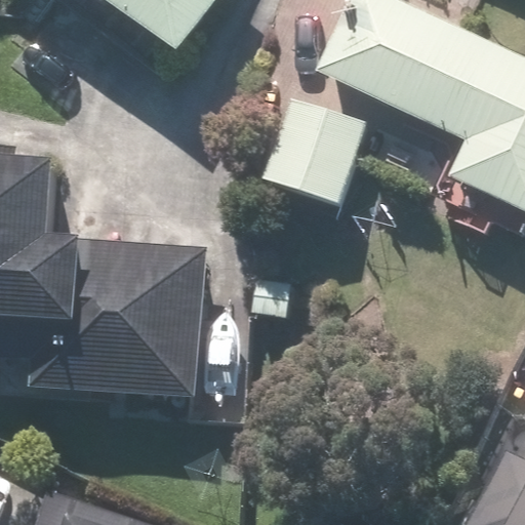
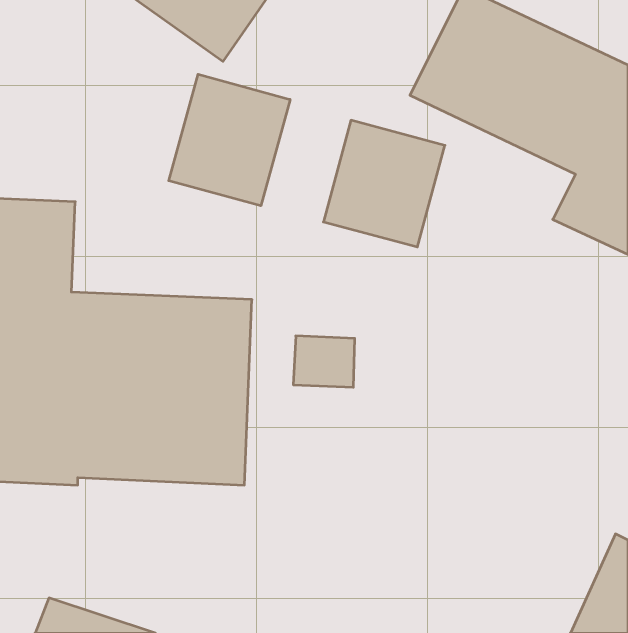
building: none -> [169,74,290,206]

